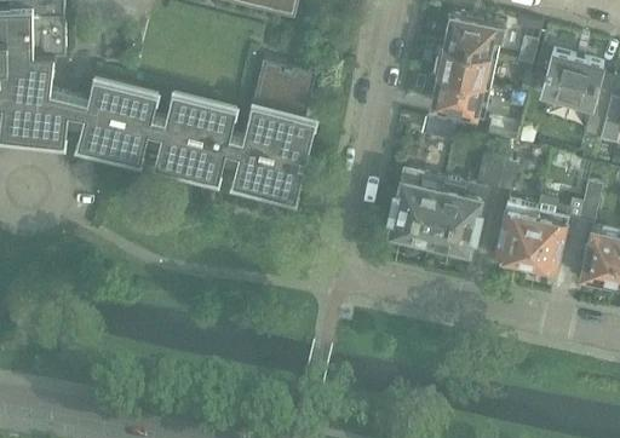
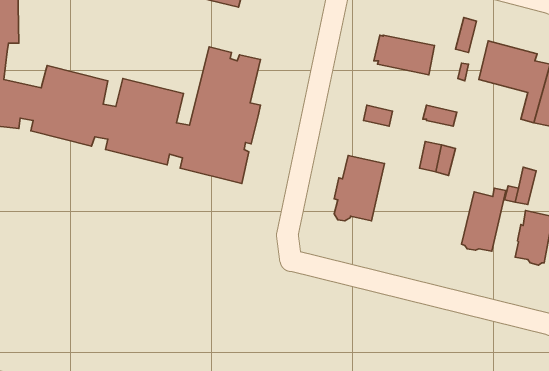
building: [442,15,501,57] -> none
building: [430,76,489,117] -> none
building: [430,179,481,253] -> none
building: [494,201,536,265] -> none

